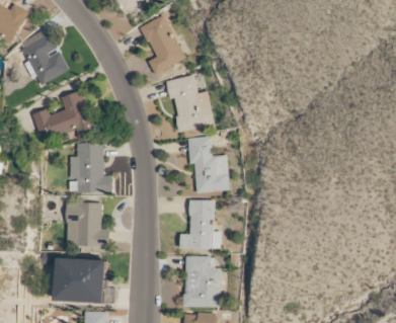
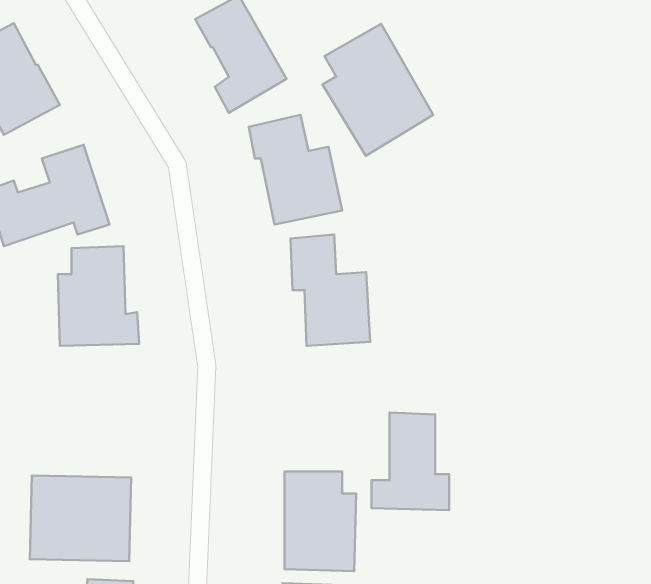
building: none -> [323,24,433,156]
building: [180,199,220,249] -> [372,412,449,510]
building: [65,201,109,246] -> none

